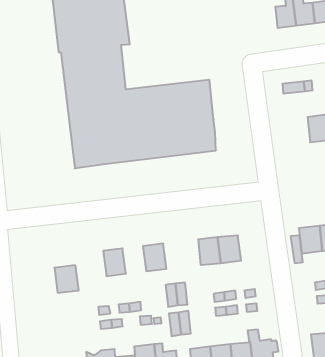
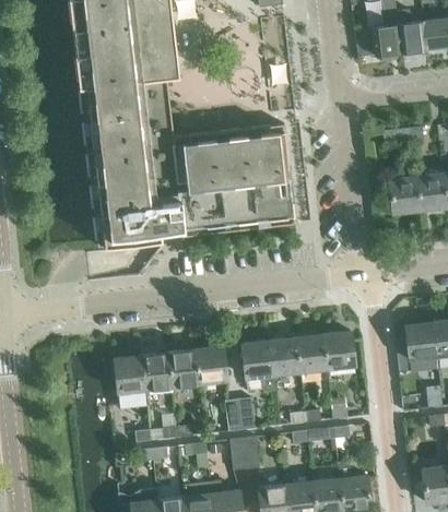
building: none -> [389,176,420,213]
building: none -> [322,332,354,369]
building: none -> [241,341,275,392]
building: none -> [167,349,199,386]
building: [54,265,79,293] -> [113,356,145,393]

